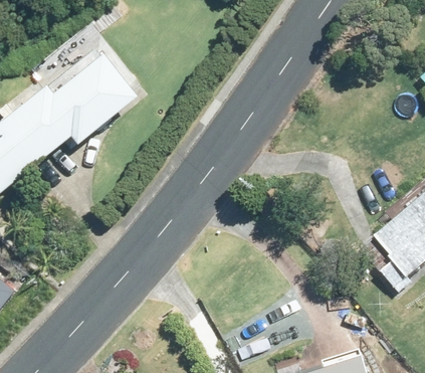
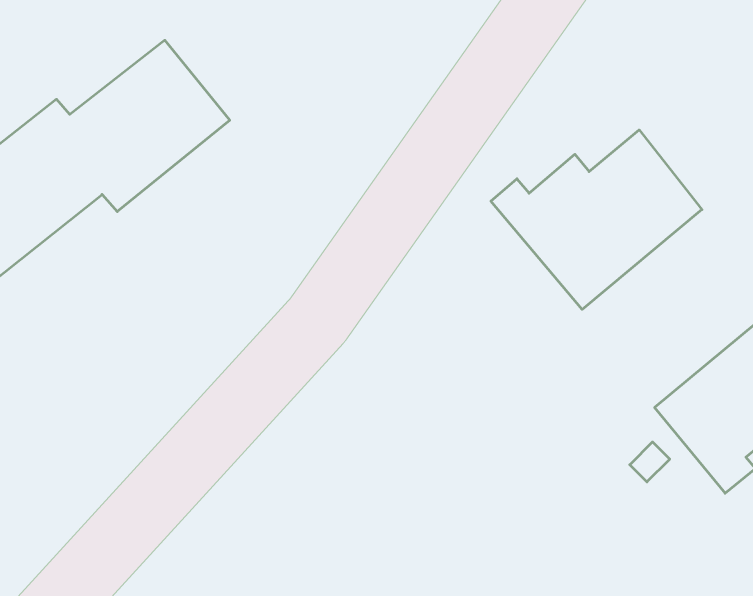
building: none -> [491,130,702,309]

